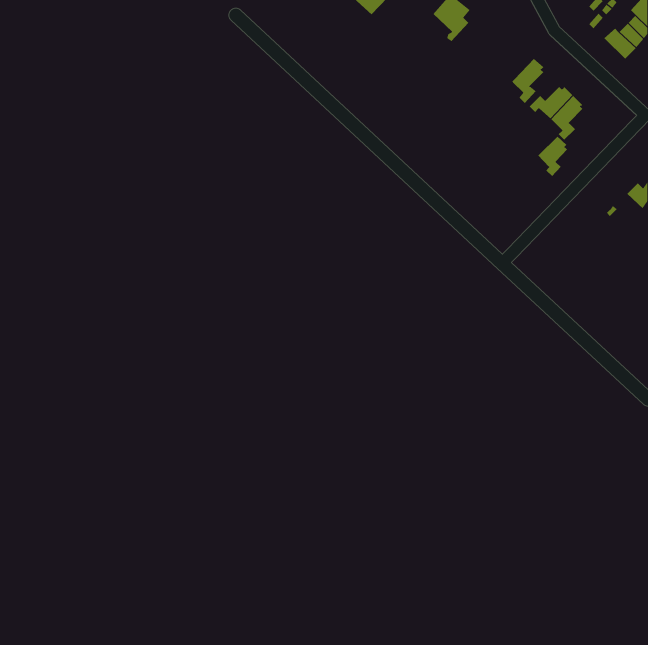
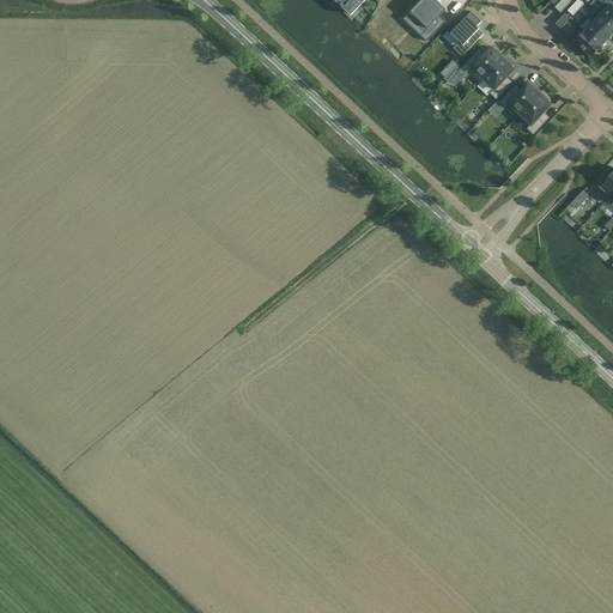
building: none -> [448,10,481,54]
building: none -> [459,47,504,81]
building: [538,136,568,177] -> none

